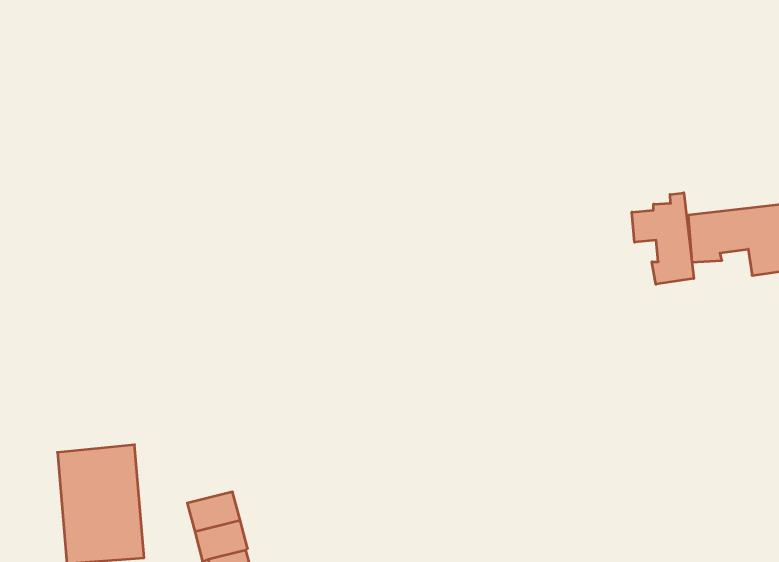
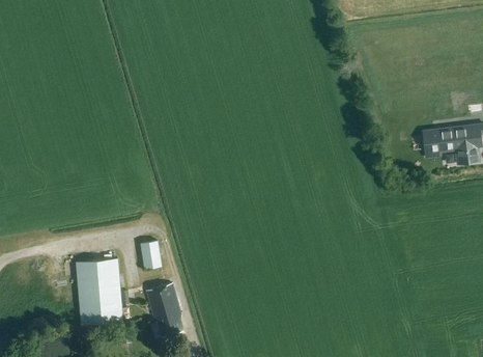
building: [632,193,694,284] -> none
building: none -> [141,240,162,269]

